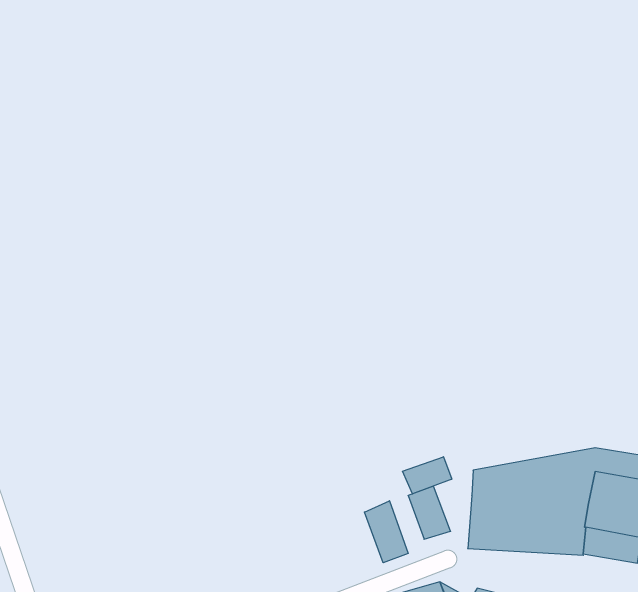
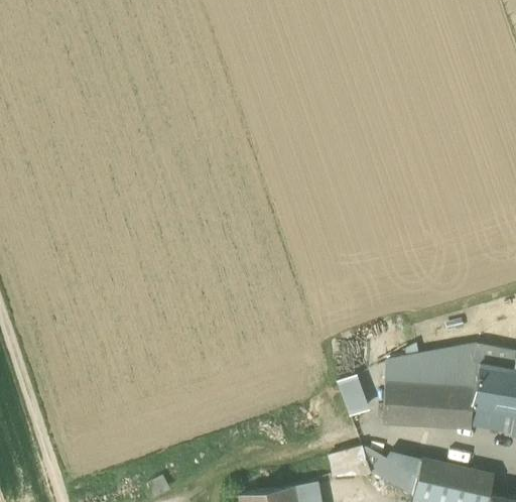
building: [403,457,452,494] -> none
building: [364,501,408,563] -> none

